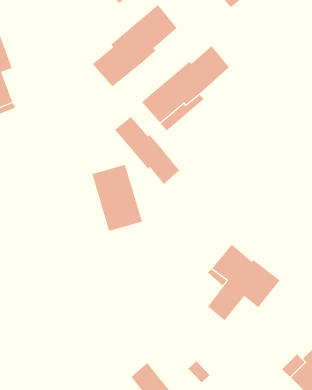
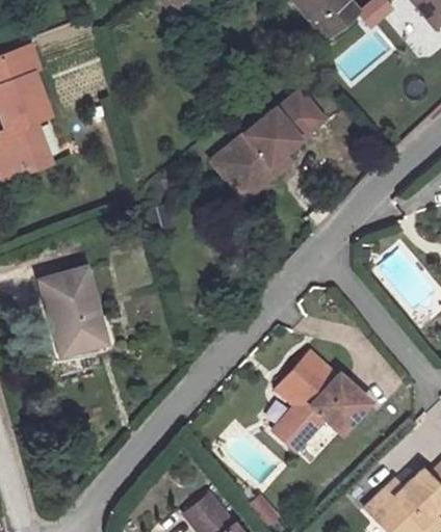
building: [92,4,178,87] -> none
building: [114,116,180,185] -> none
building: [91,164,143,232] -> [36,278,102,365]

